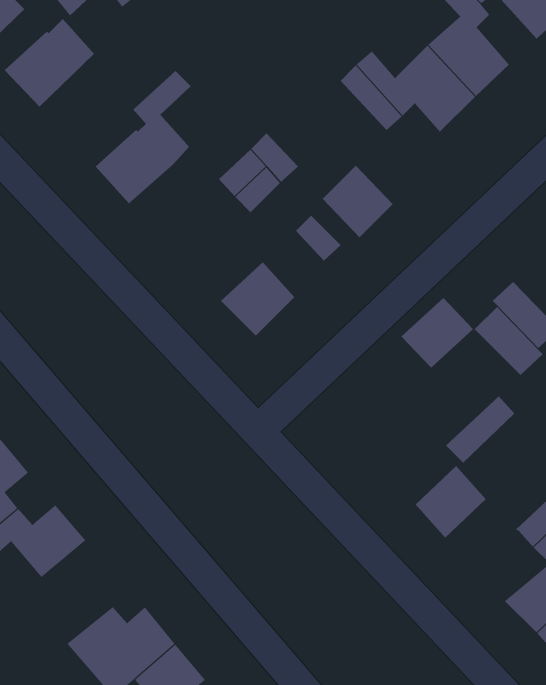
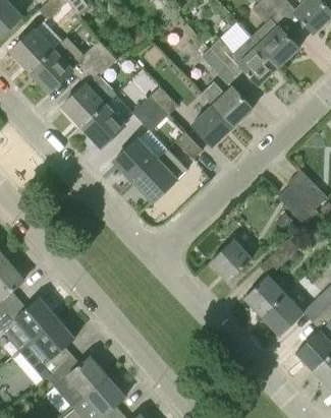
building: none -> [31,41,108,93]
building: none -> [201,82,253,127]
building: none -> [81,105,126,148]
building: none -> [114,138,158,182]
building: [401,297,474,369] -> [210,240,252,281]
building: none -> [262,295,304,336]
building: none -> [18,318,75,379]

